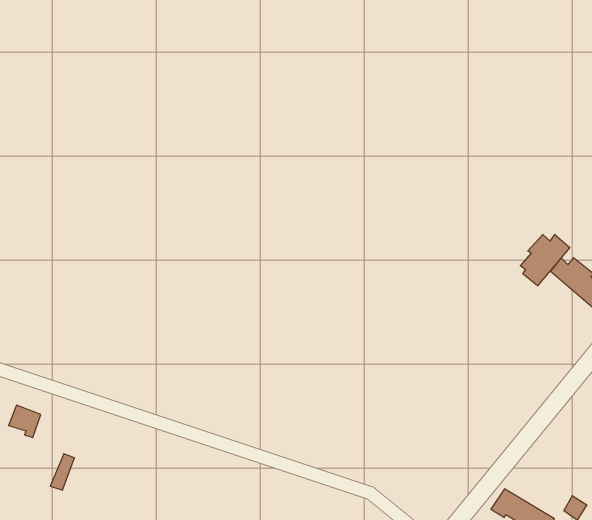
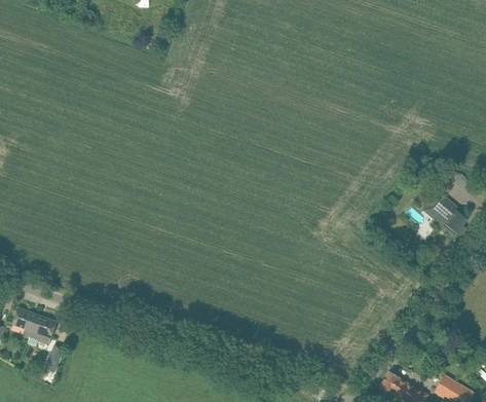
building: [520,234,570,286] -> none
building: none -> [29,316,57,344]

